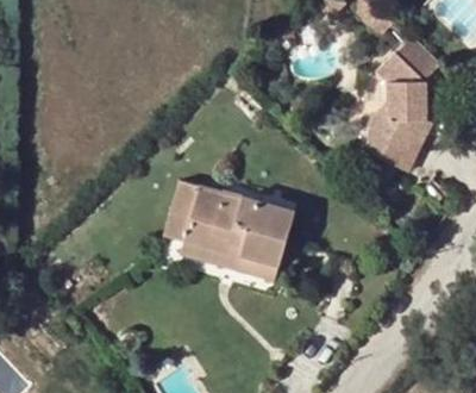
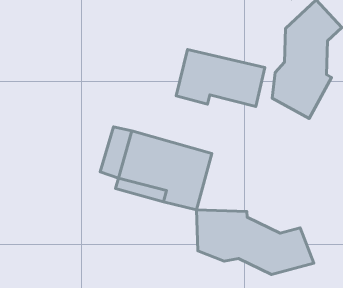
building: none -> [176,50,265,107]
building: none -> [196,210,314,274]

